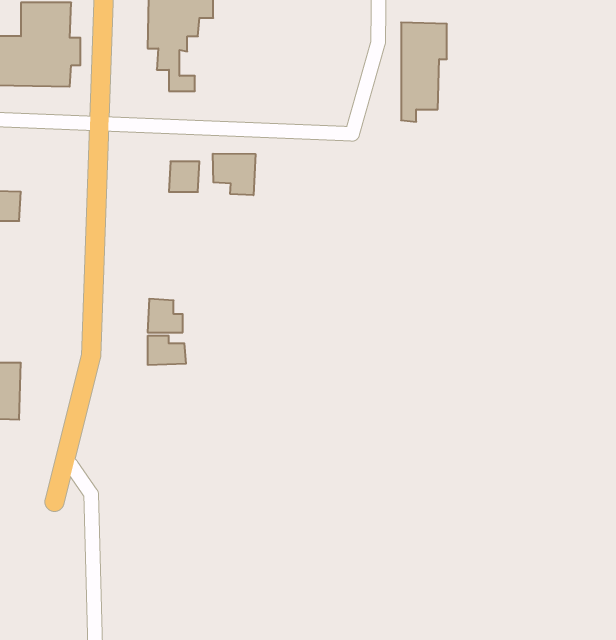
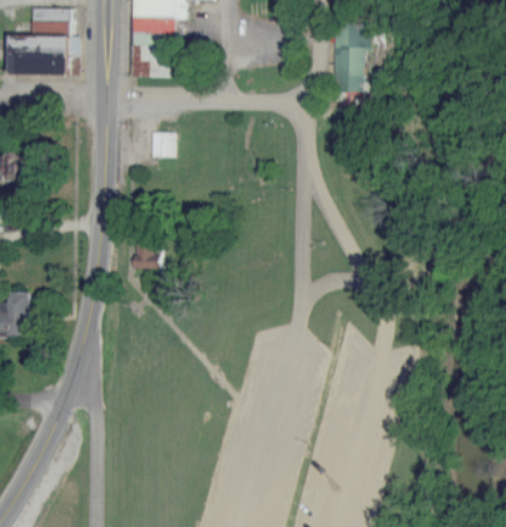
building: [213,154,255,195] -> none
building: [148,336,186,365] -> none

